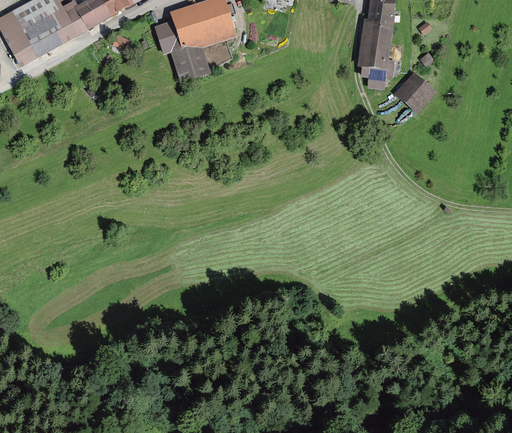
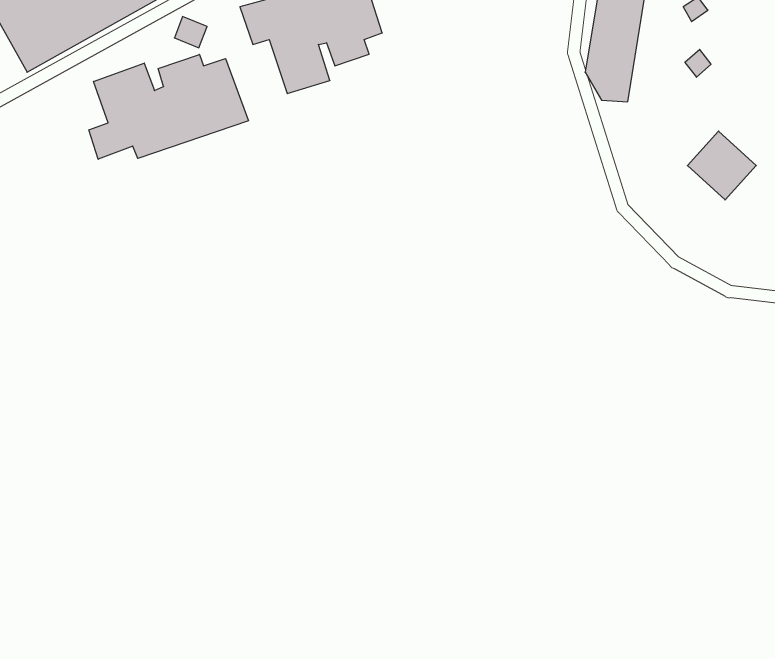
building: none -> [89,54,248,159]
building: [393,71,435,113] -> [687,131,756,200]

